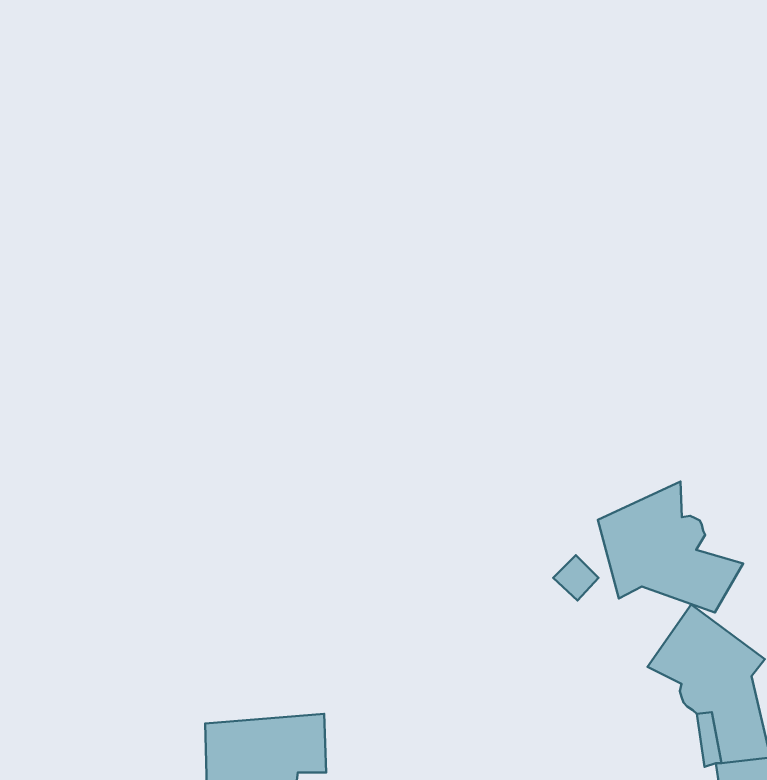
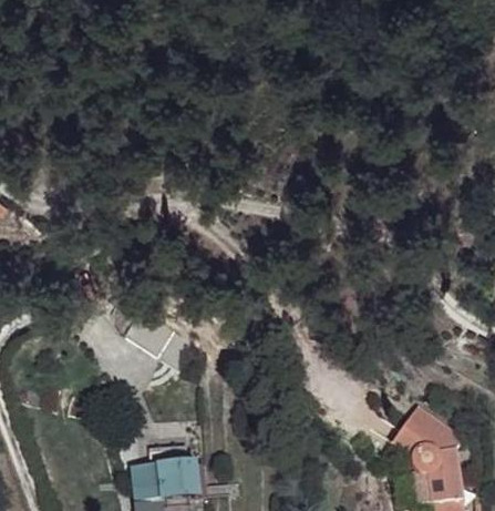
building: [598,481,743,612] -> none

